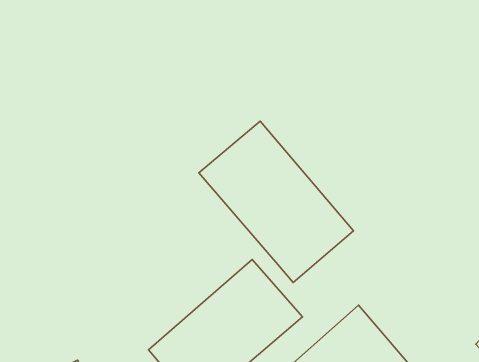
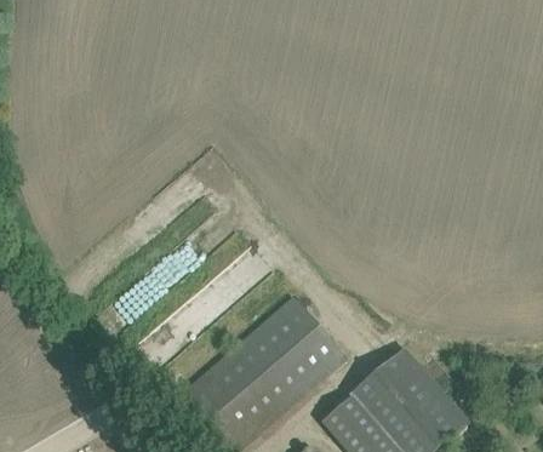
building: [199,121,353,283] -> none

